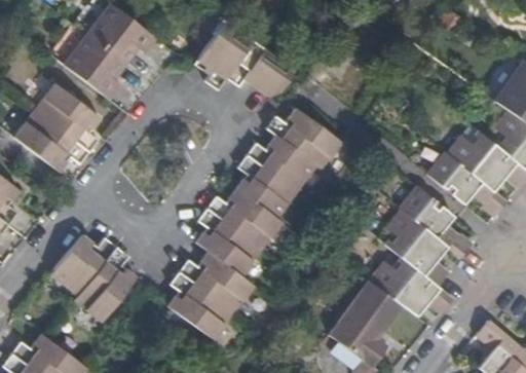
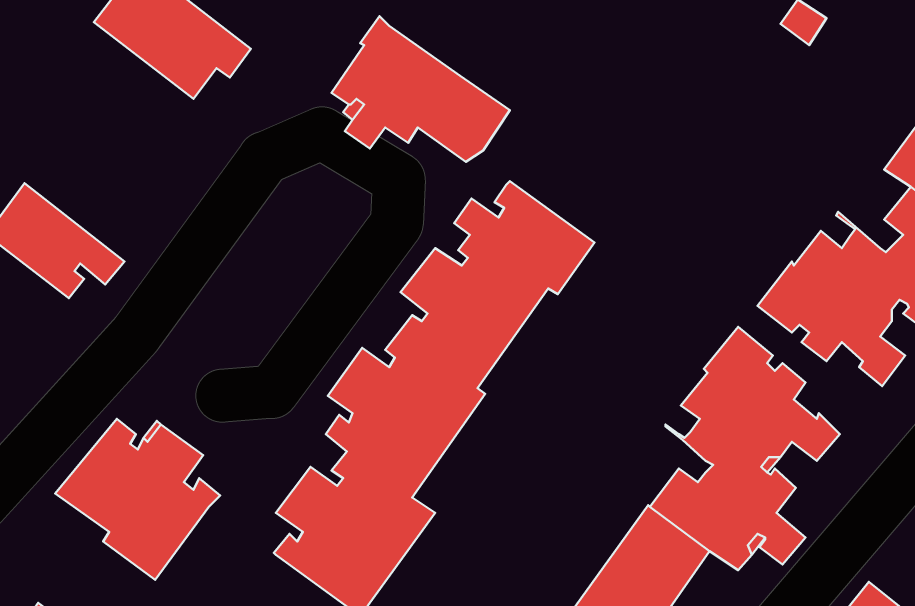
building: [51,23,124,101] -> none
building: [34,82,99,151] -> none

